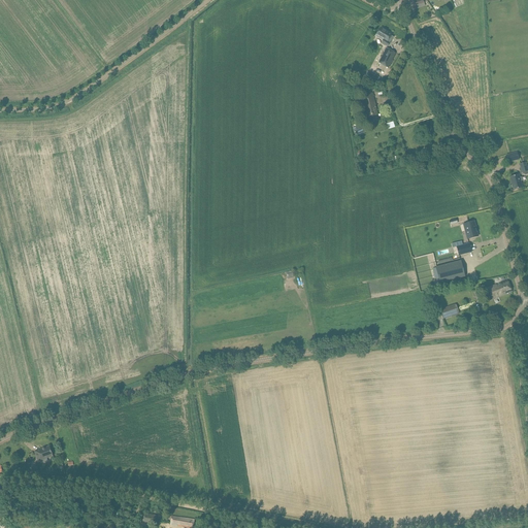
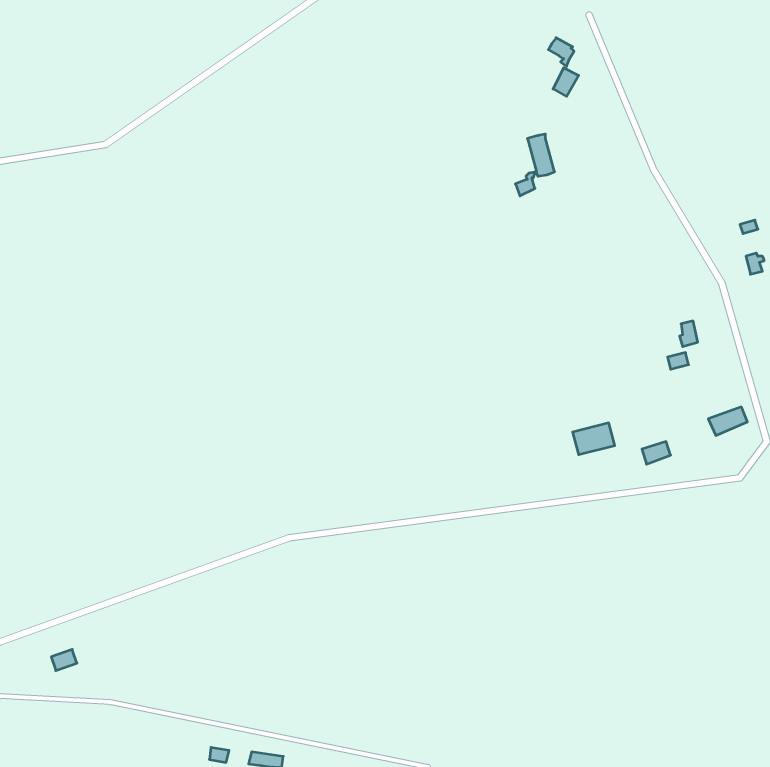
building: [436,259,465,280] -> [573,423,615,455]

